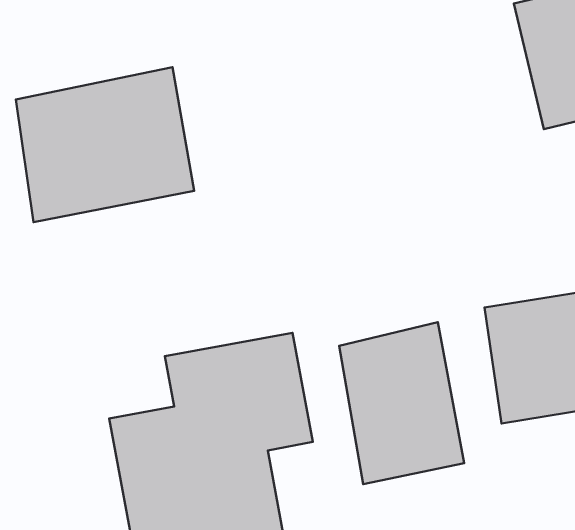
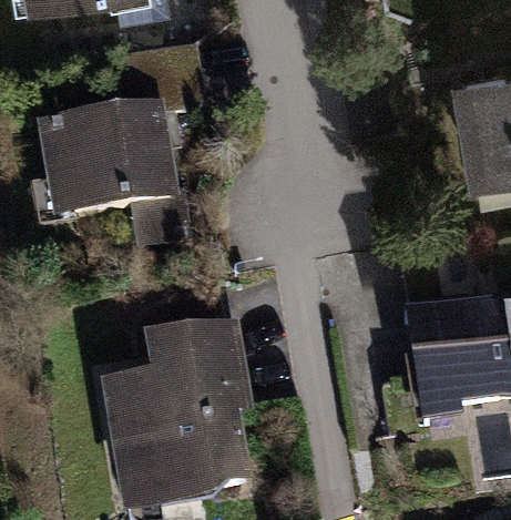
building: [339,322,464,484] -> none

